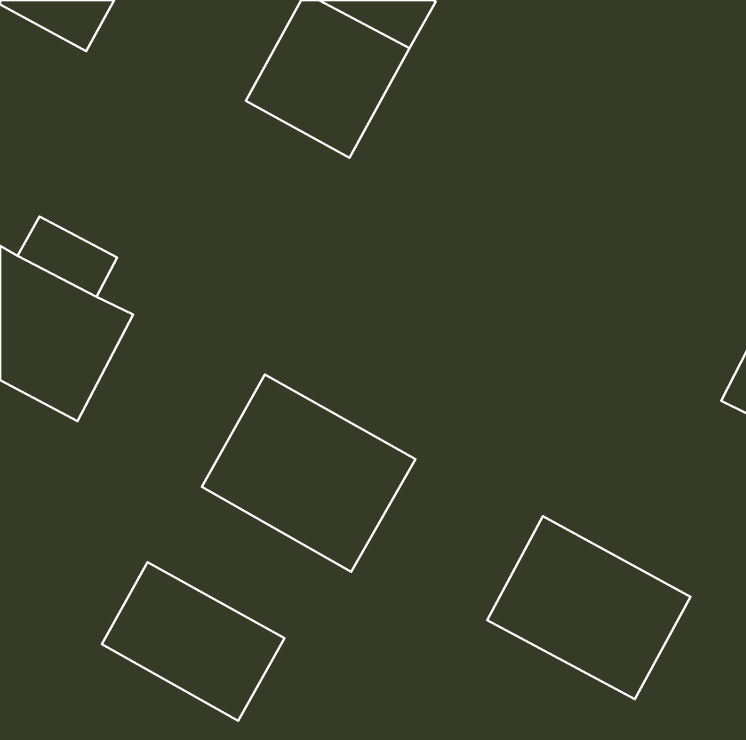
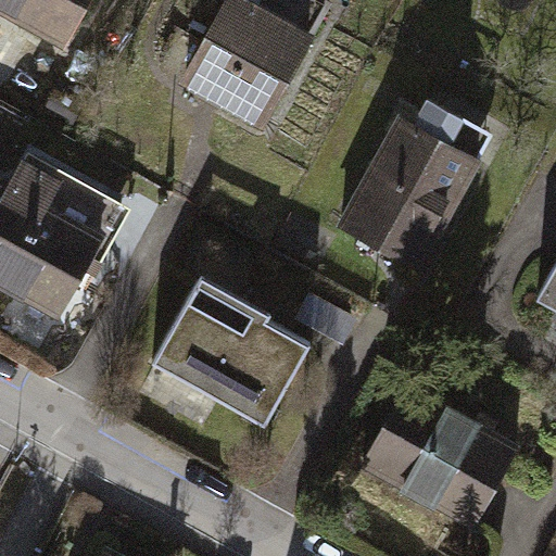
building: none -> [339,91,485,270]
building: [102,562,285,721] -> none

